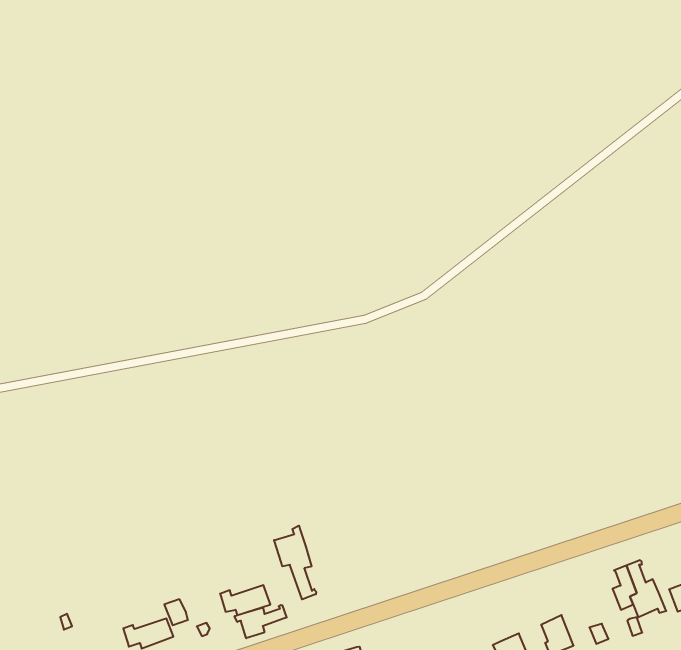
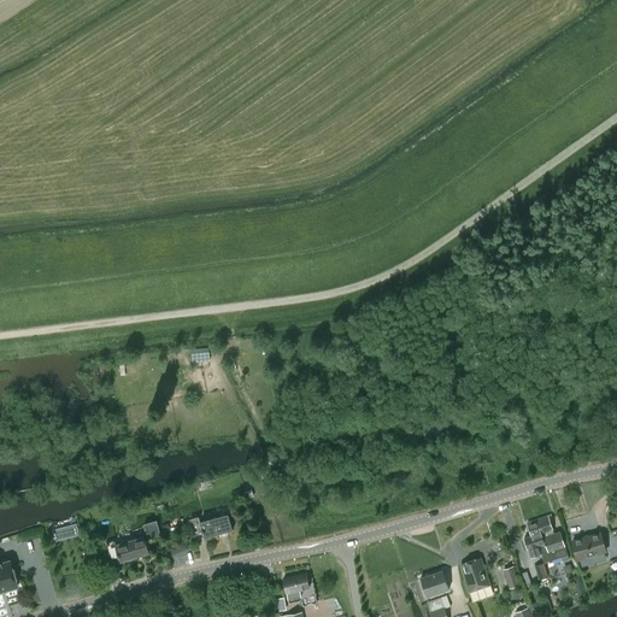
building: [274,526,316,599] -> none
building: [235,605,287,638] -> none

